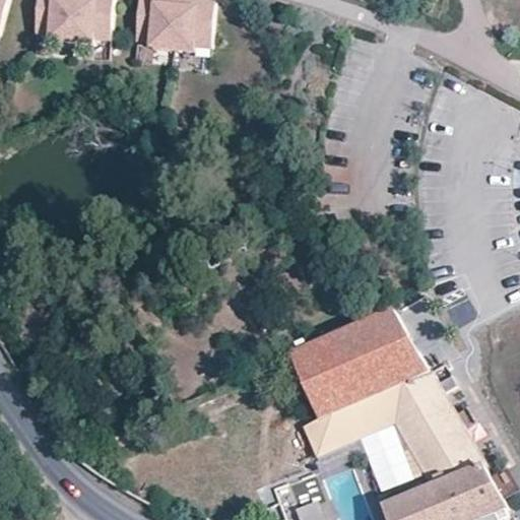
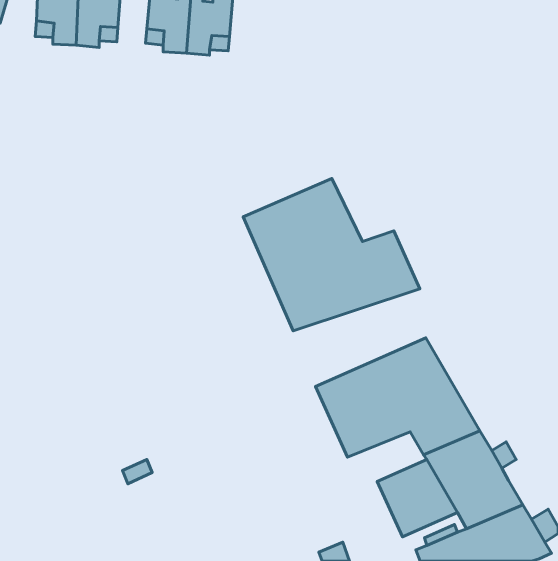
building: none -> [243,179,420,331]
building: [302,397,393,457] -> none

